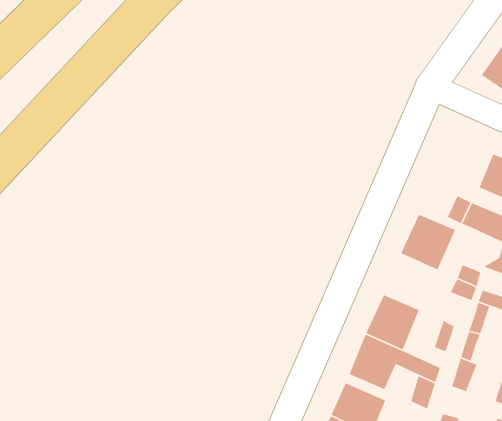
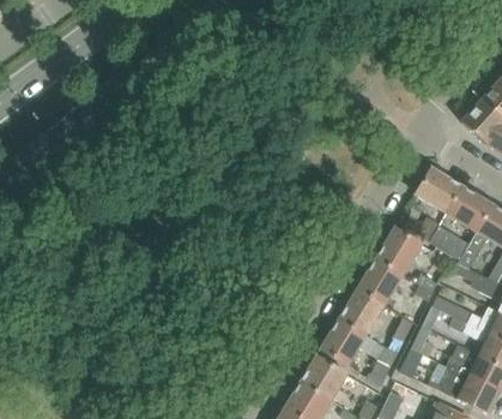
building: none -> [415,167,461,213]
building: none -> [357,257,404,305]

